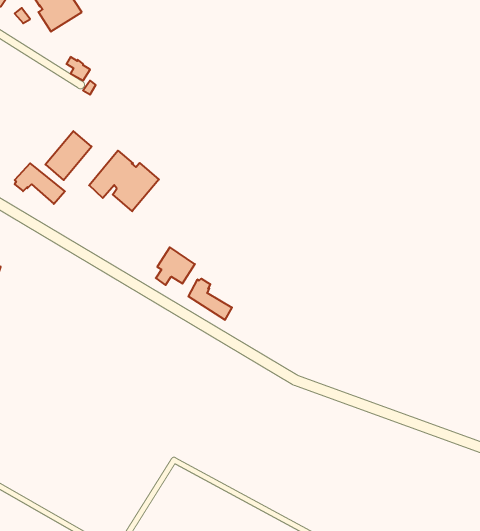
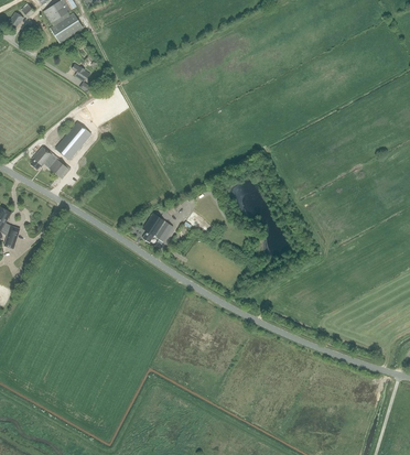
building: [89,151,159,211] -> none
building: [188,279,232,320] -> none

